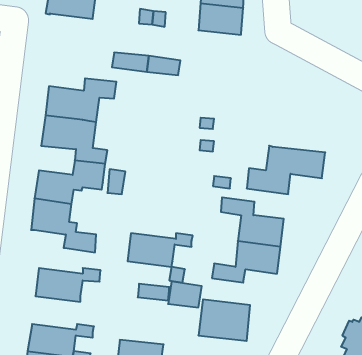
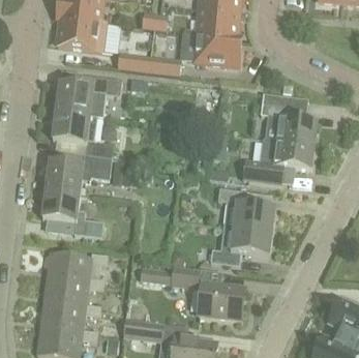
building: none -> [57,18,104,51]
building: none -> [195,33,241,65]
building: none -> [260,94,316,146]
building: [128,233,193,267] -> [43,278,103,309]

